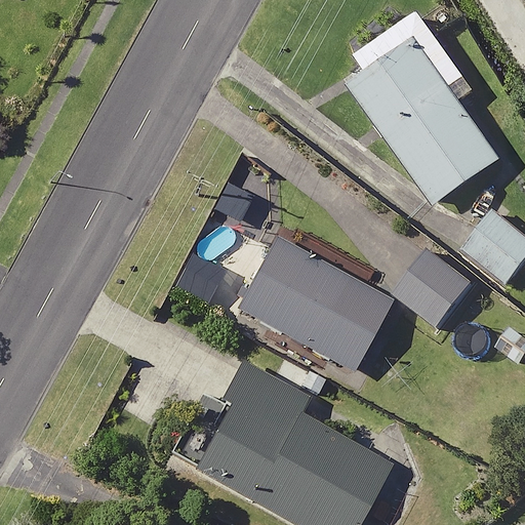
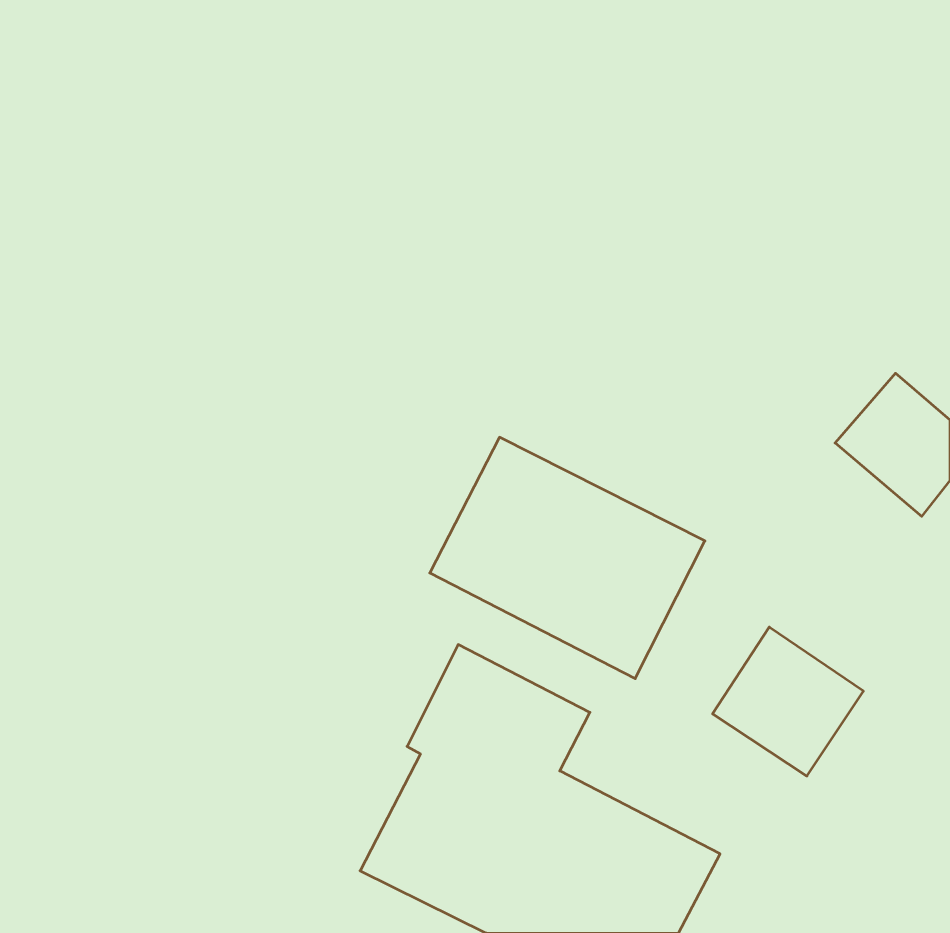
building: [350,12,501,204] -> none
building: [392,248,474,329] -> [713,627,863,776]

